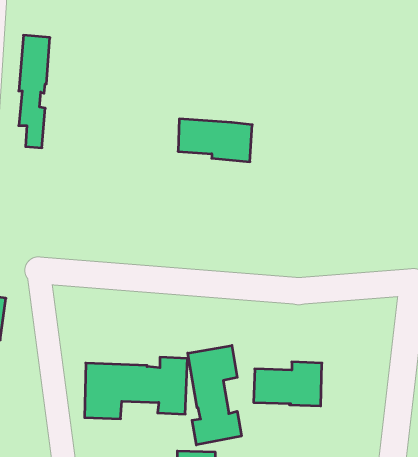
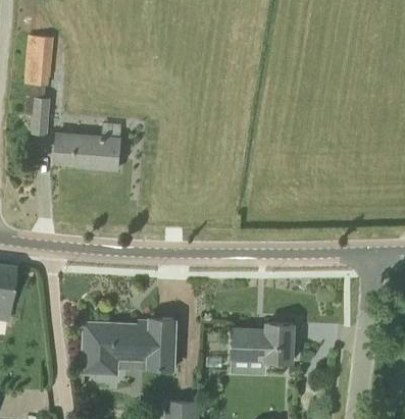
building: [178,119,252,162] -> [54,134,119,171]
building: [188,345,241,445] -> none

